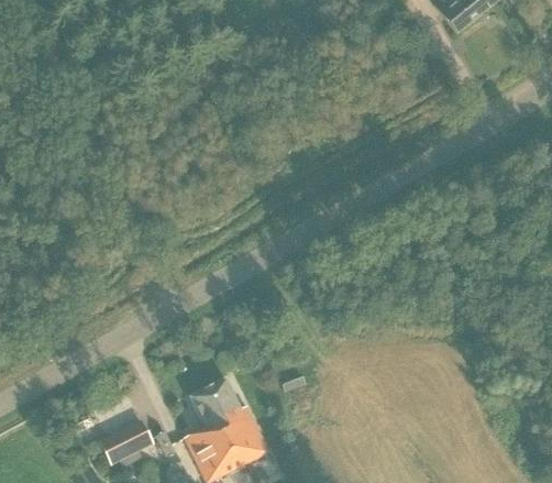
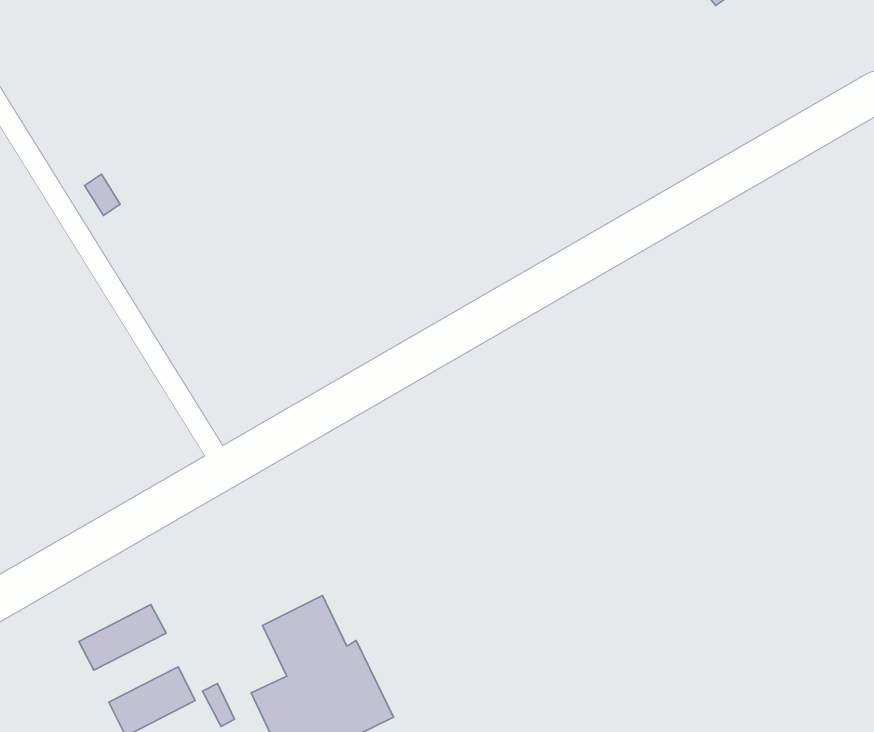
building: none -> [79,605,166,670]

